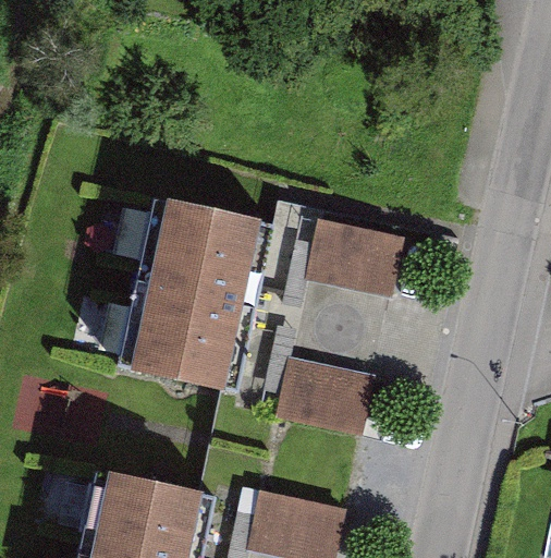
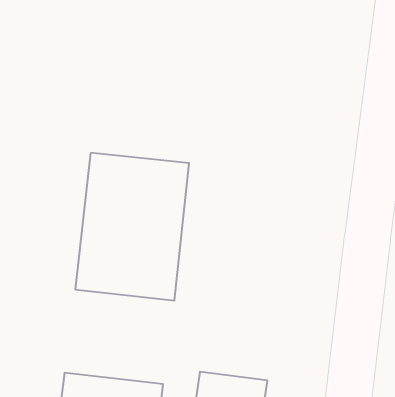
building: [306,221,402,299] -> none
building: [277,352,374,430] -> none

